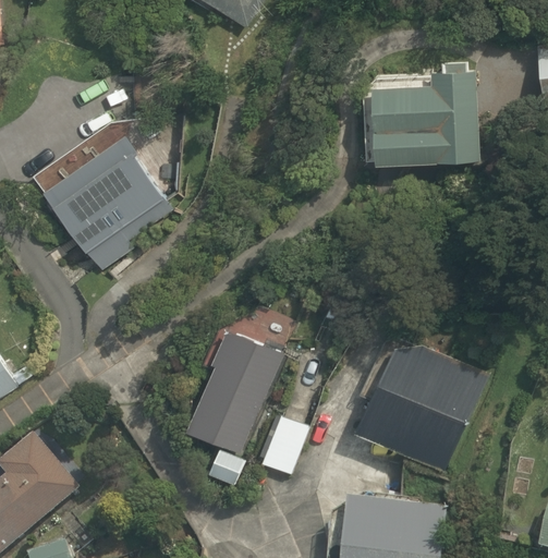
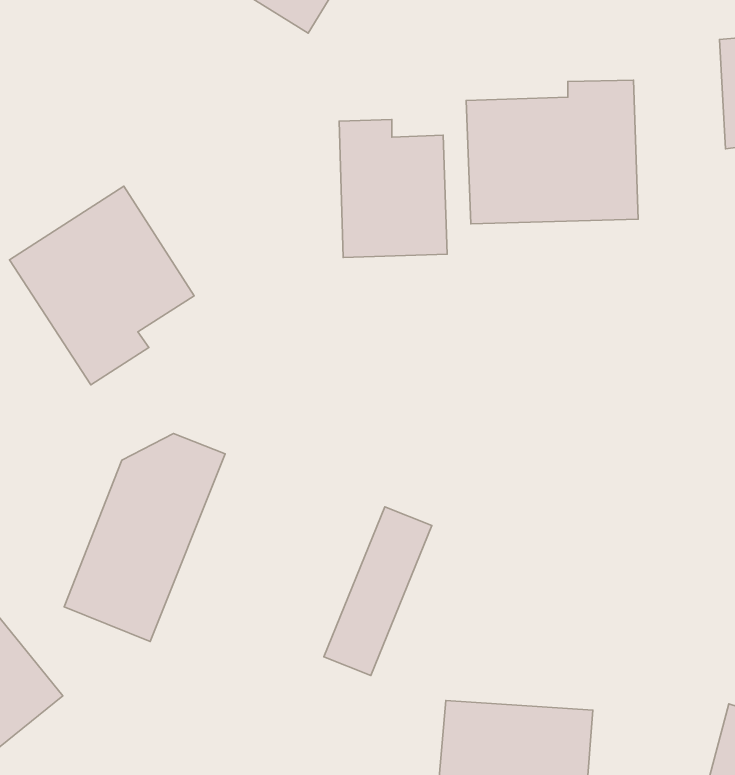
building: none -> [339,120,447,258]
building: [182,308,294,453] -> [64,433,225,641]
building: [355,338,488,474] -> none

